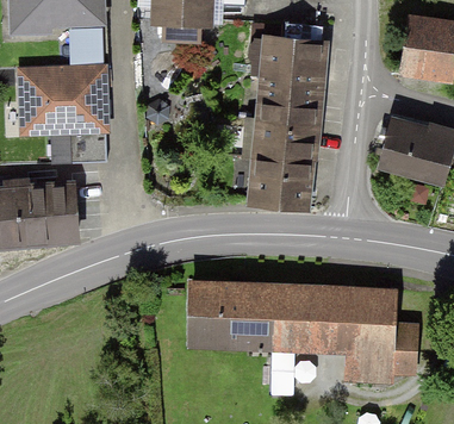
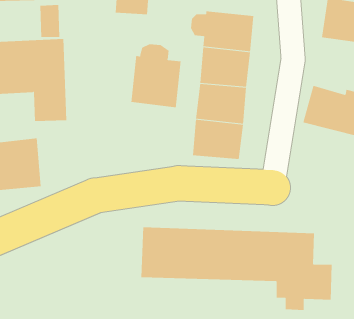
building: none -> [131,43,181,108]

